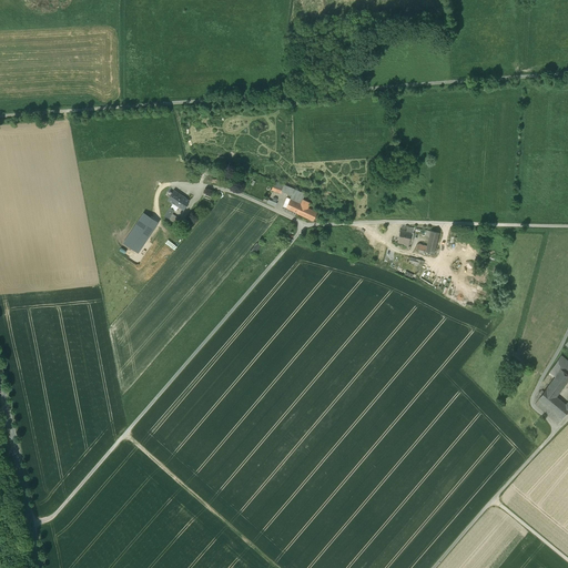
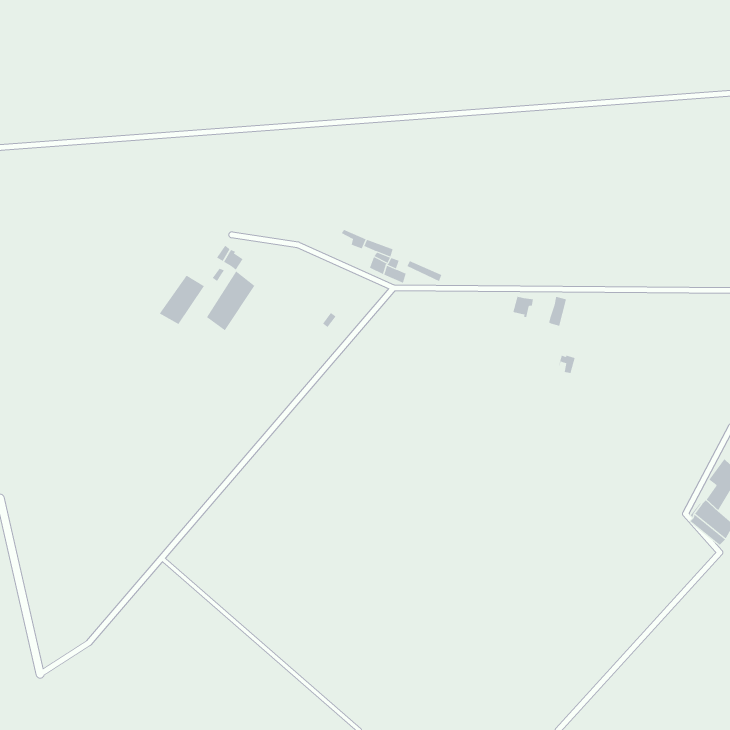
building: none -> [206,271,255,331]

